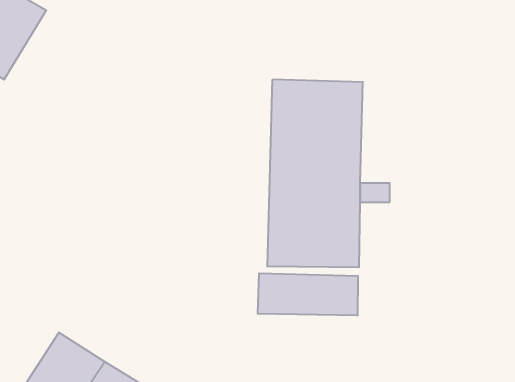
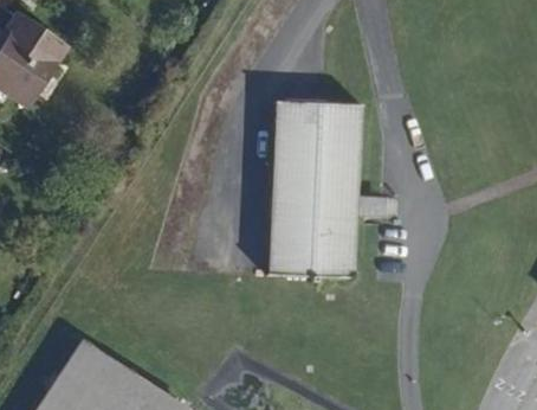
building: [258,273,358,316] -> none

